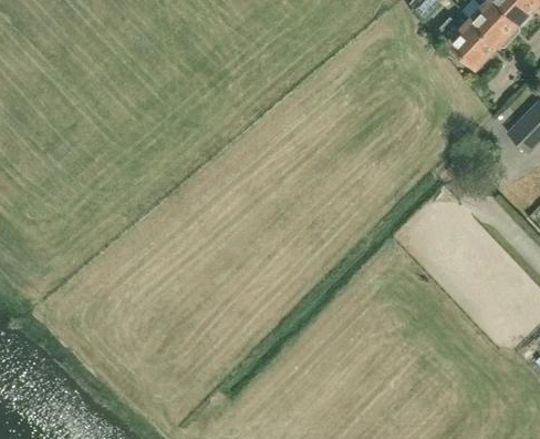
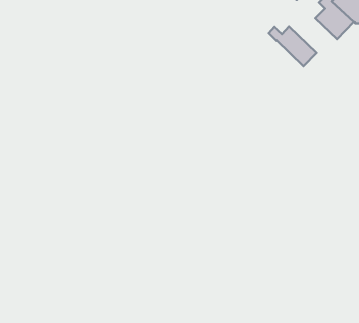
building: none -> [268,26,317,66]

